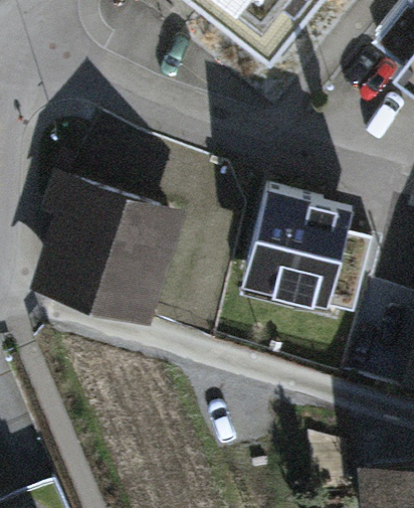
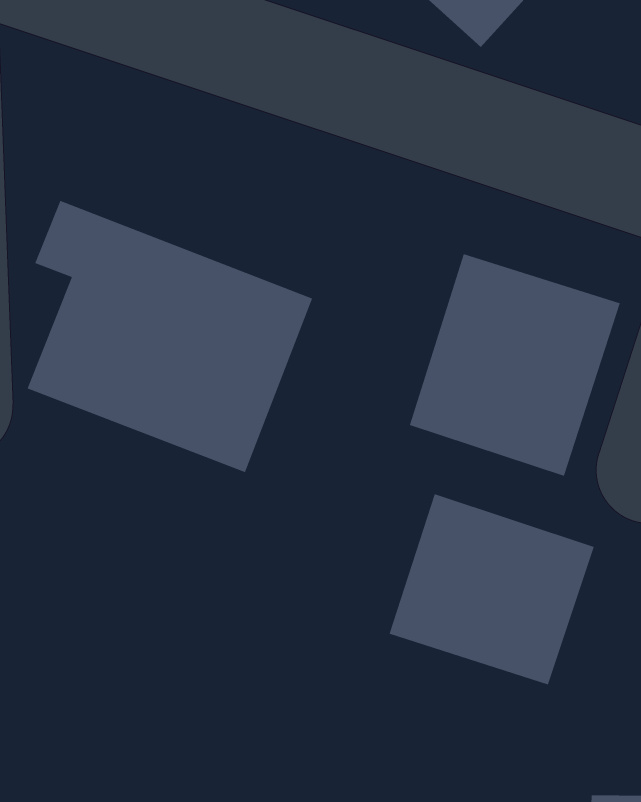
building: none -> [388,493,595,685]

